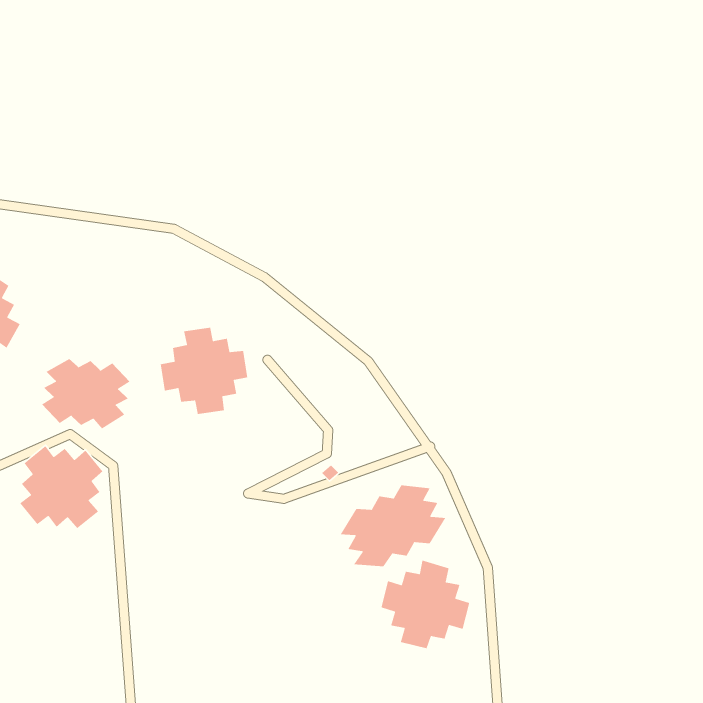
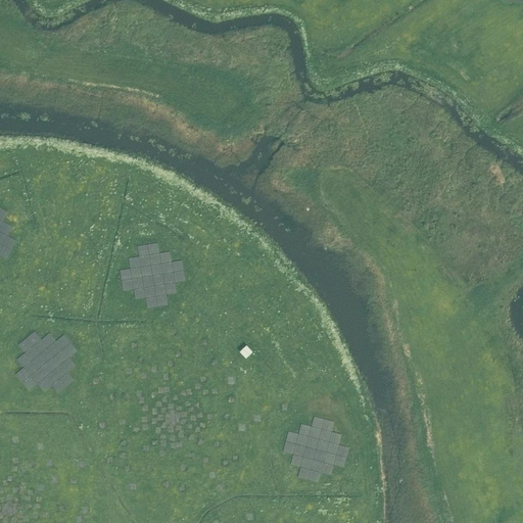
building: [41,358,130,430] -> none
building: [339,484,447,567] -> none

